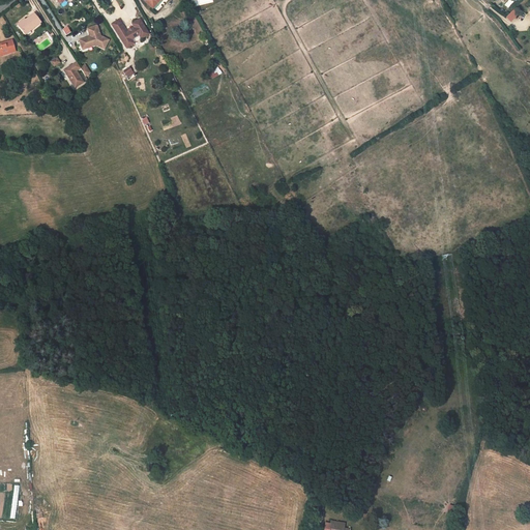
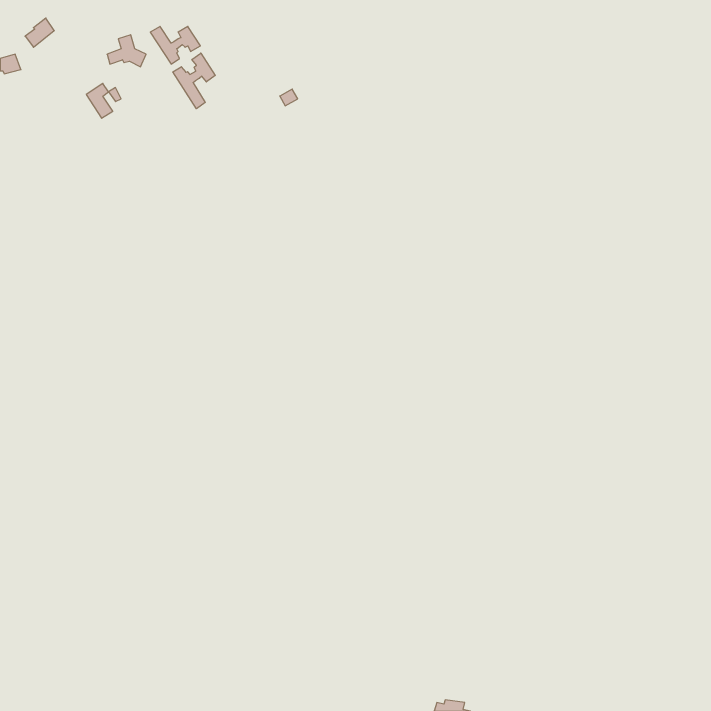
building: none -> [173,53,215,109]

